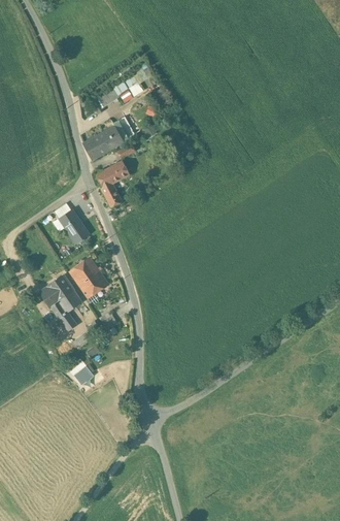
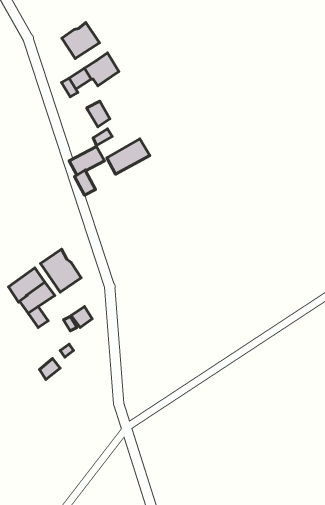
building: none -> [62,22,99,59]
building: [82,127,123,160] -> [107,139,150,174]
building: [58,208,89,243] -> none

